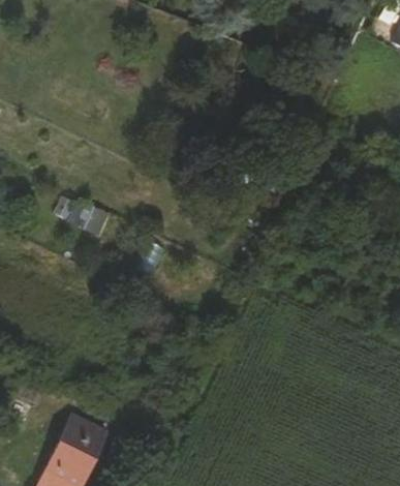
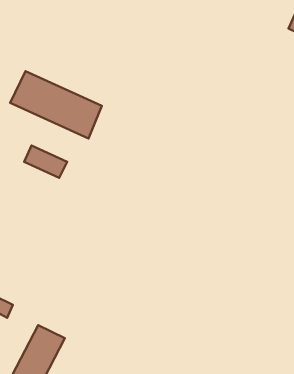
building: none -> [10,71,102,139]

